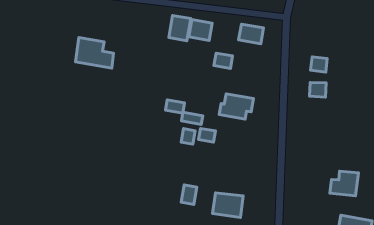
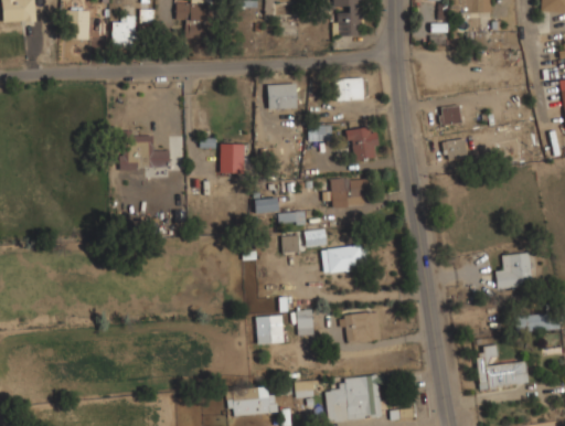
building: [169,15,191,41] -> [220,142,245,173]
building: none -> [347,125,380,161]
building: none -> [322,246,370,271]
building: none -> [256,315,284,344]

